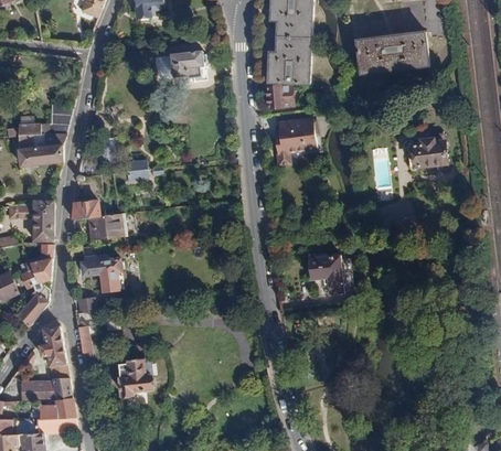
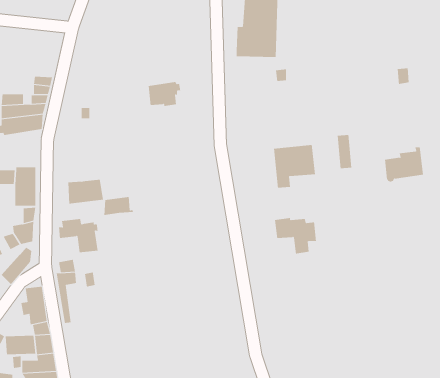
building: [355,30,427,73] -> none
building: [171,52,206,78] -> [148,82,181,106]
building: [265,84,296,109] -> none
building: [273,118,318,164] -> [273,144,316,188]
building: [407,132,449,170] -> [384,147,424,182]
building: [126,159,148,182] -> none
building: [71,198,103,218] -> [104,197,134,215]
building: [119,358,153,398] -> none

